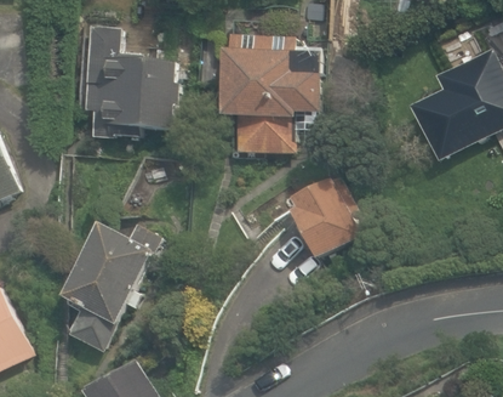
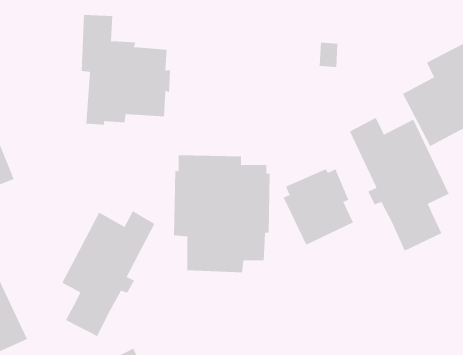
building: [223,35,321,154] -> [173,155,271,273]
building: none -> [349,117,449,251]

